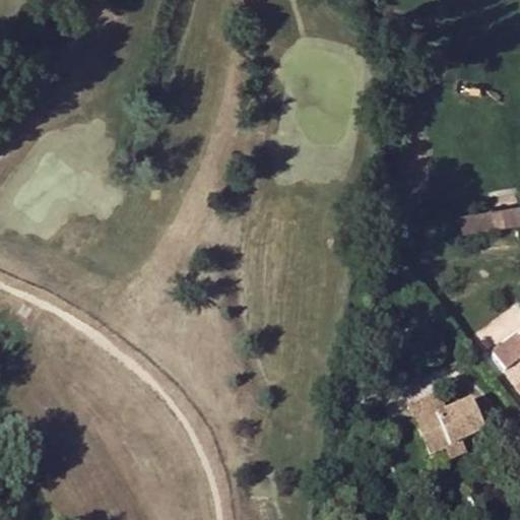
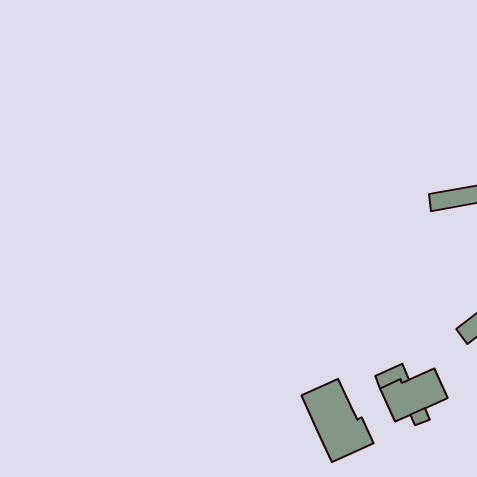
building: none -> [302,379,373,462]

